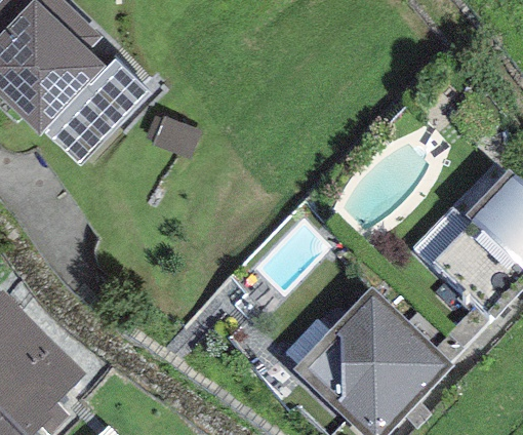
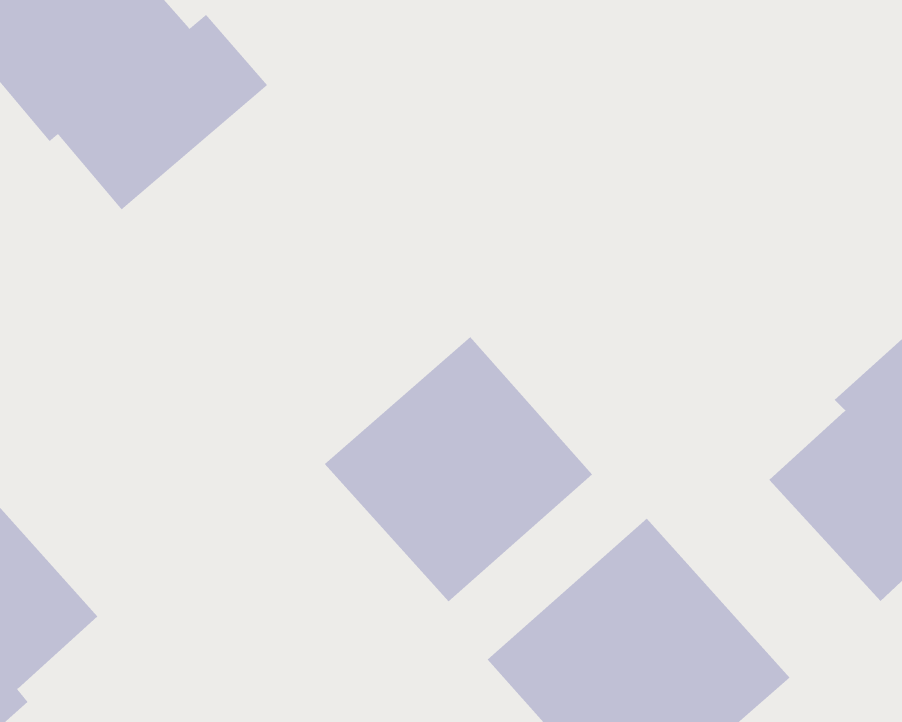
building: none -> [324,336,593,602]

